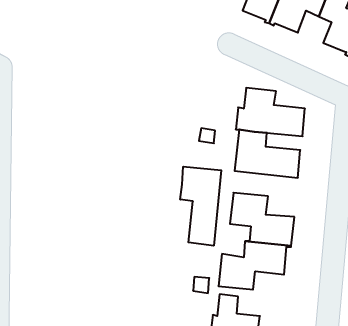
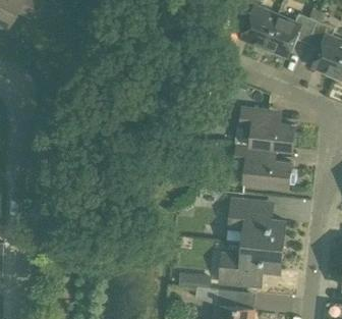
building: [180,167,221,246] -> none

